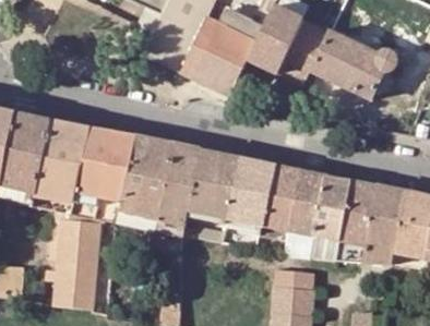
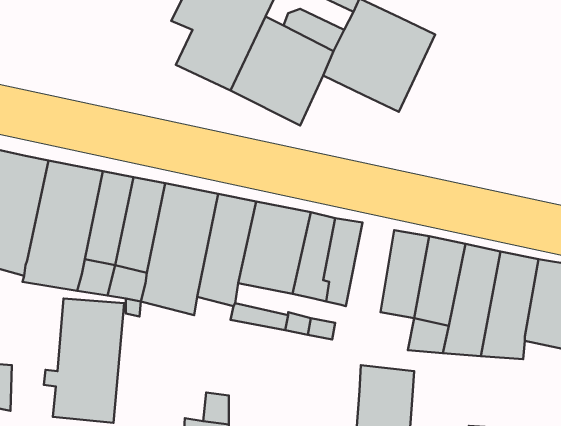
building: [310,28,397,96] -> none
building: [264,164,299,228] -> none

